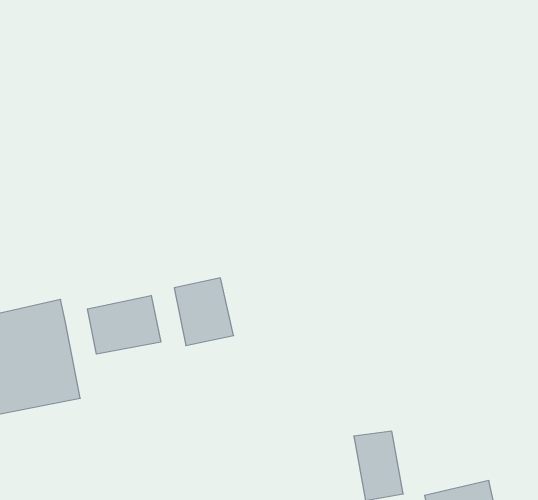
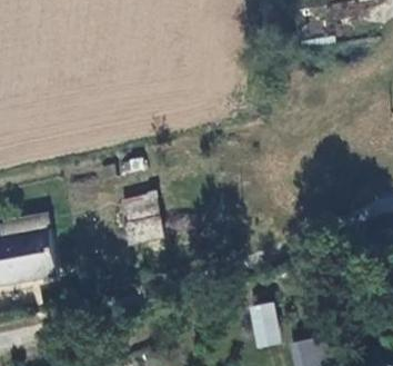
building: [87,295,161,354] -> none

